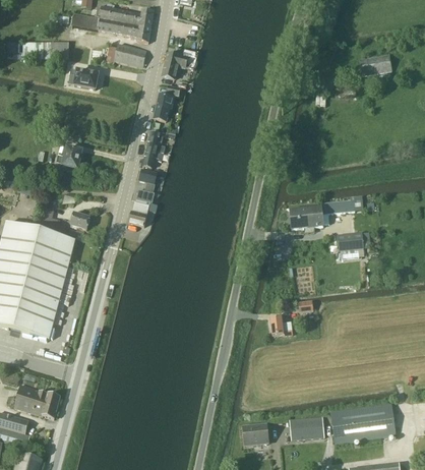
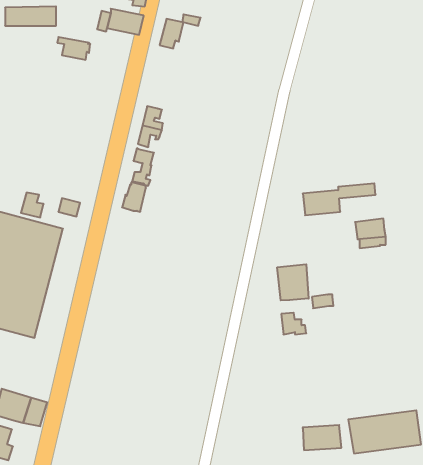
building: [360,53,392,74] -> none
building: [154,85,180,121] -> none
building: [57,145,82,168] -> none
building: none -> [277,264,309,300]
building: [243,423,268,444] -> none

